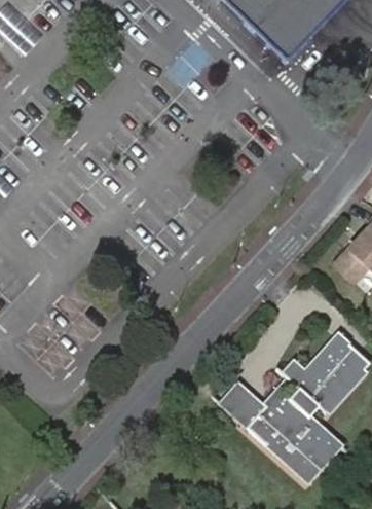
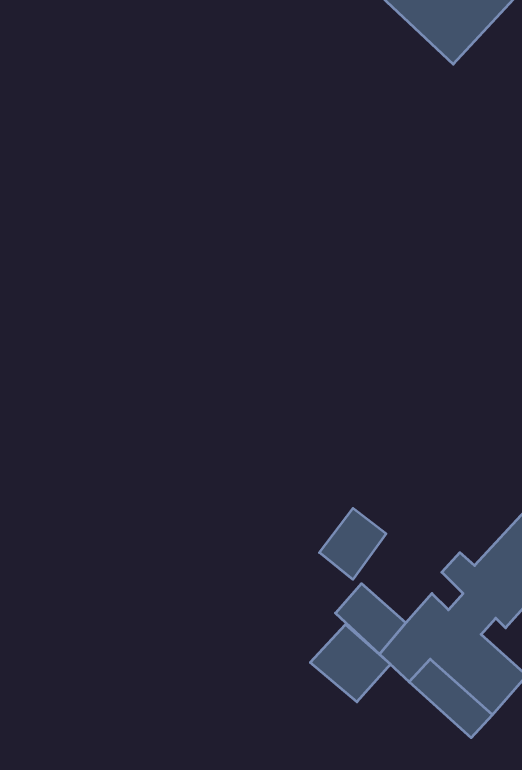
building: none -> [319,508,386,579]
building: none -> [310,624,390,702]

